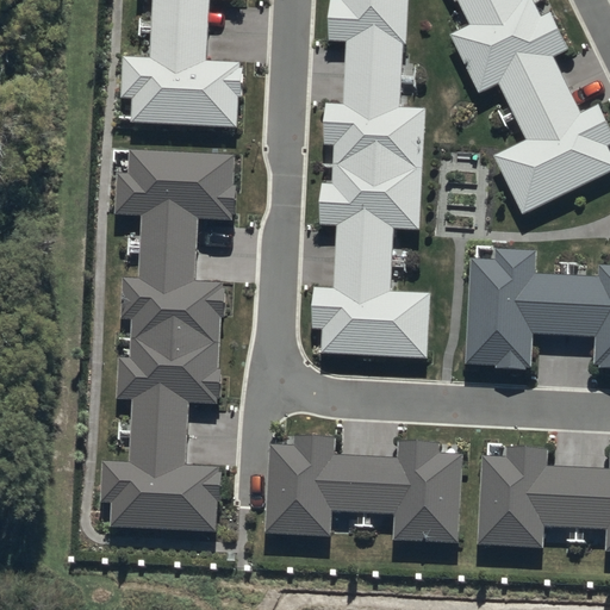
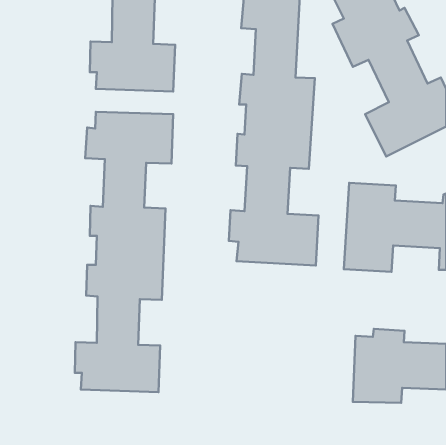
building: [264,435,463,542] -> none

